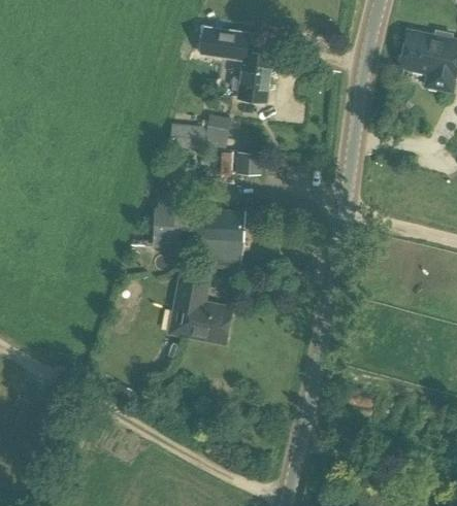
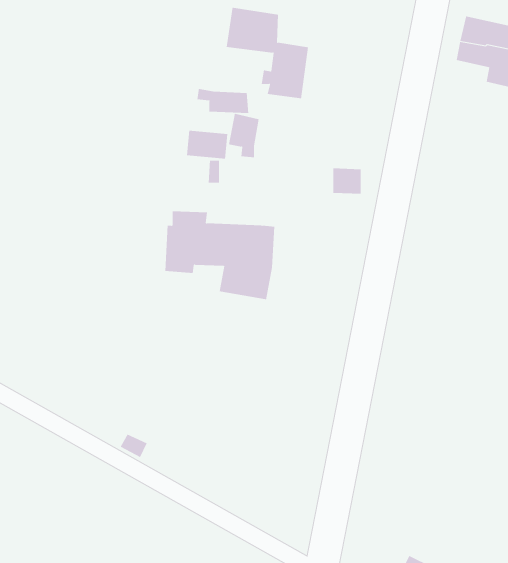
building: none -> [197,88,249,114]
building: [235,153,260,175] -> [333,168,361,194]
building: [170,266,231,342] -> none

